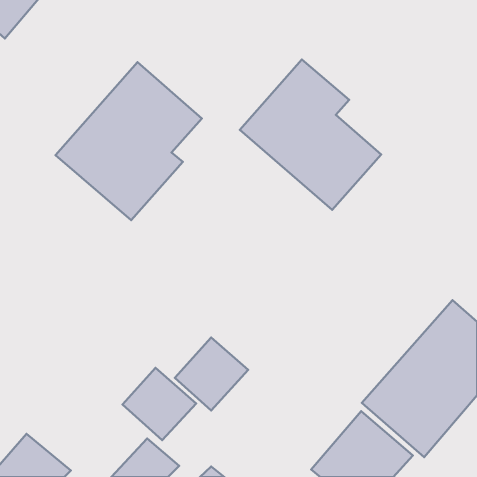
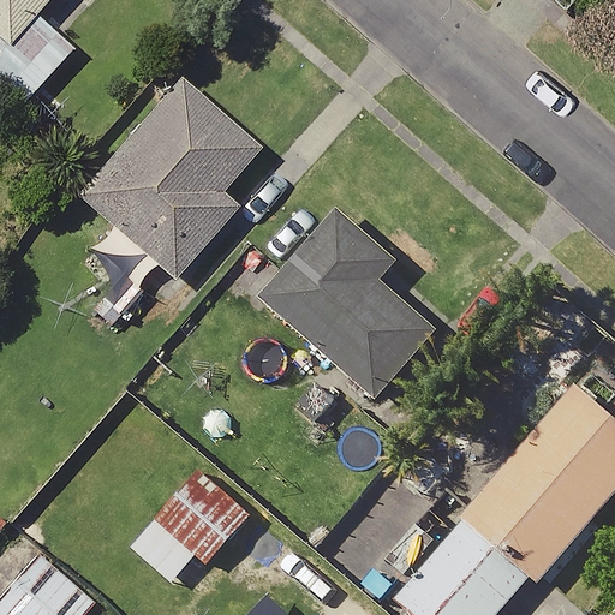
building: [240,59,381,210] -> [259,208,440,400]
building: [175,337,248,410] -> none

